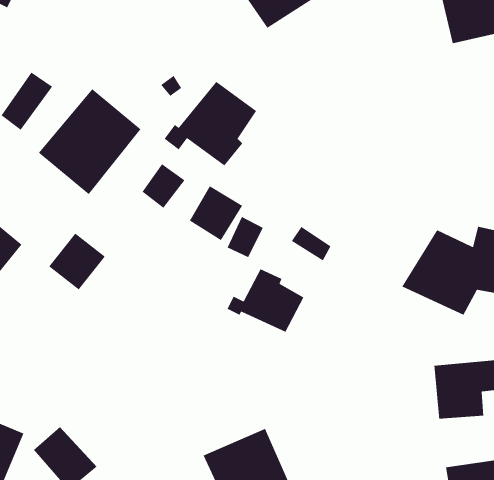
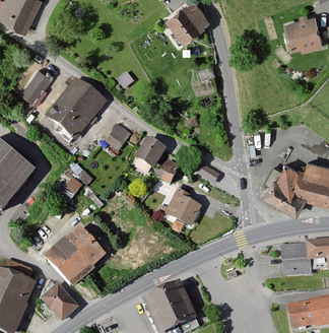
building: [163,81,257,167] -> none
building: none -> [45,226,107,287]

